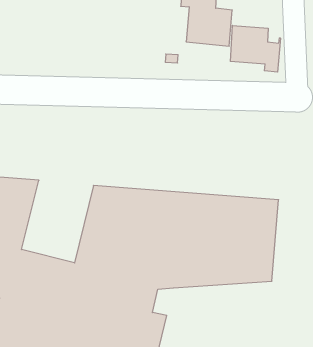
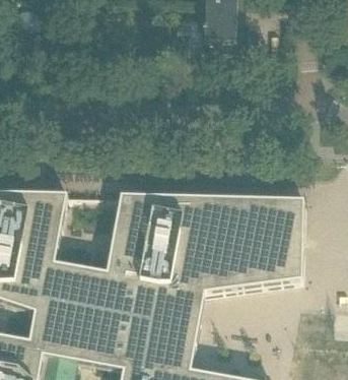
building: [230,25,280,72] -> none

